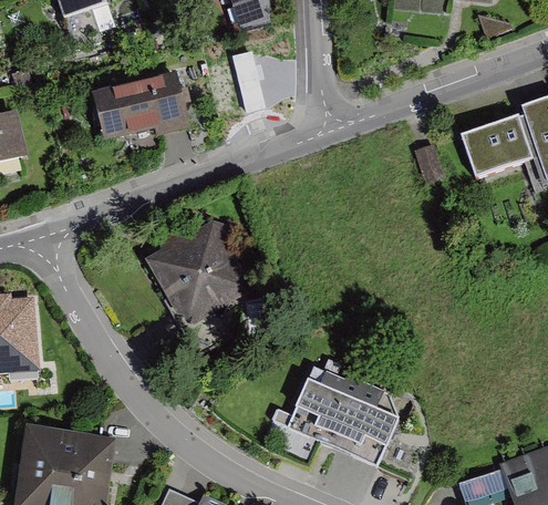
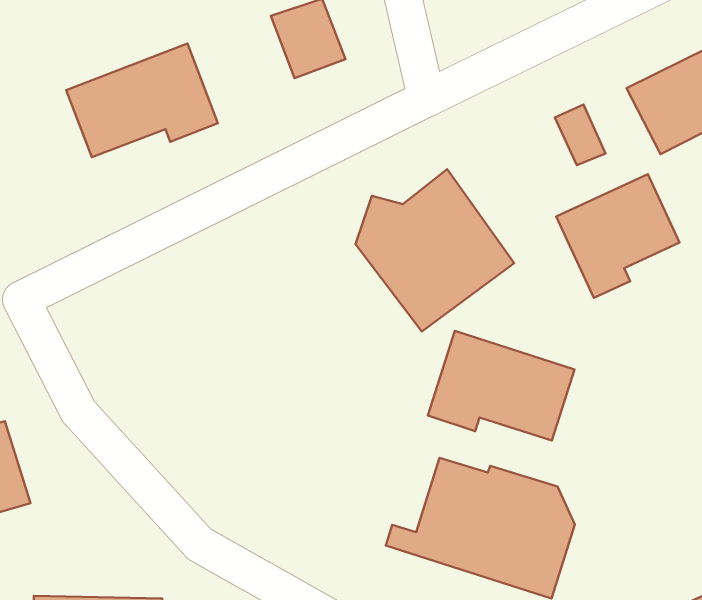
building: none -> [556,174,679,298]
building: [151,218,255,324] -> [356,169,514,332]
building: none -> [428,331,575,441]

